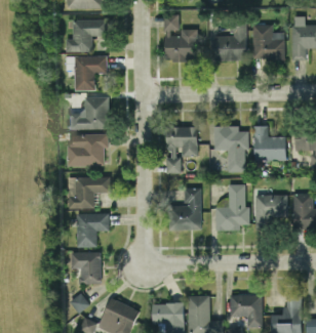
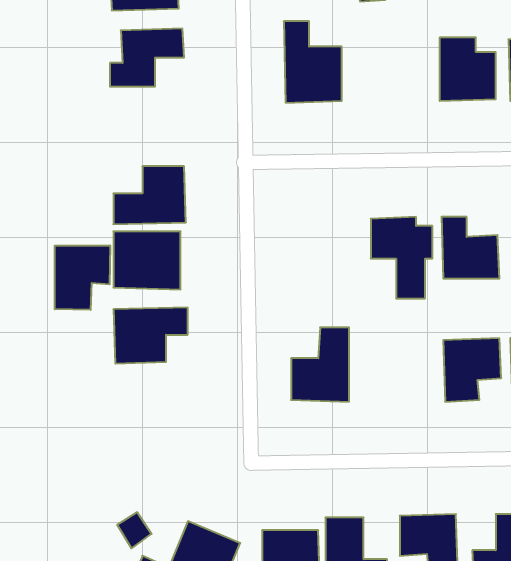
building: [213,25,246,61] -> none
building: [66,56,107,91] -> none
building: [165,127,197,173] -> none
building: none -> [55,245,110,310]
building: [215,185,249,231] -> none
building: [76,213,109,247] -> none
building: [71,252,102,284] -> none

